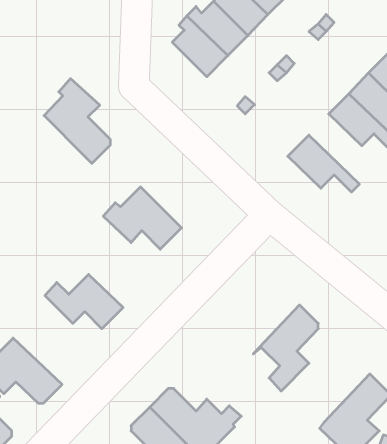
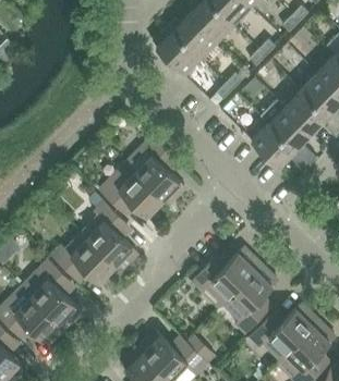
building: [44,79,110,163] -> [130,135,184,205]
building: none -> [268,106,316,163]
building: none -> [87,200,136,265]
building: none -> [192,248,261,303]
building: none -> [25,258,80,328]
building: none -> [249,304,318,359]

